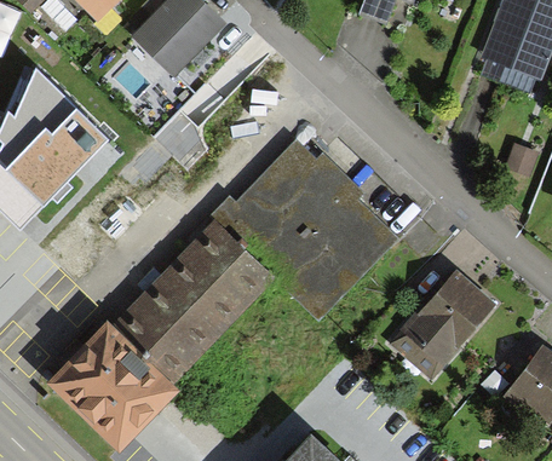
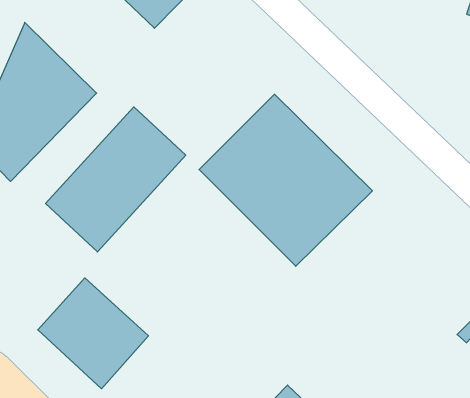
building: [114,230,258,379] -> [46,107,186,252]
building: [401,276,488,368] -> none

